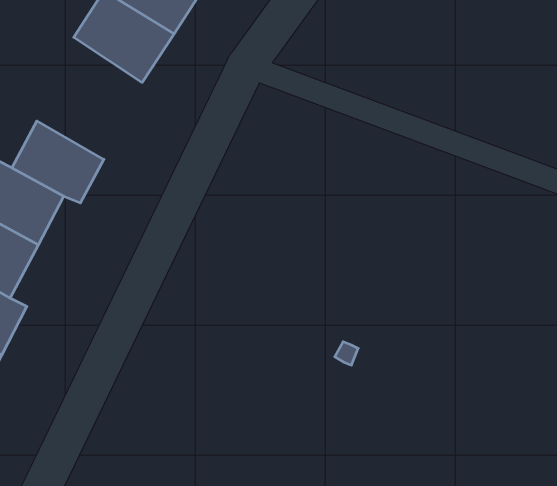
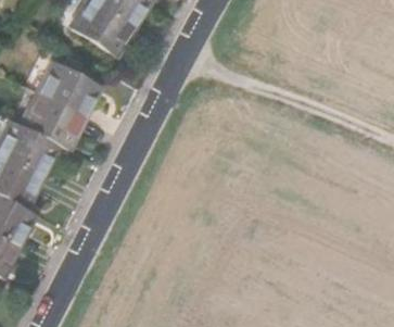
building: none -> [39,59,99,114]

